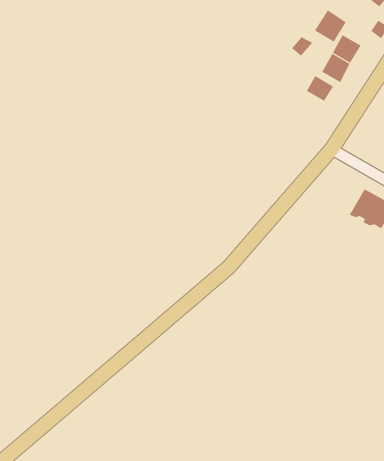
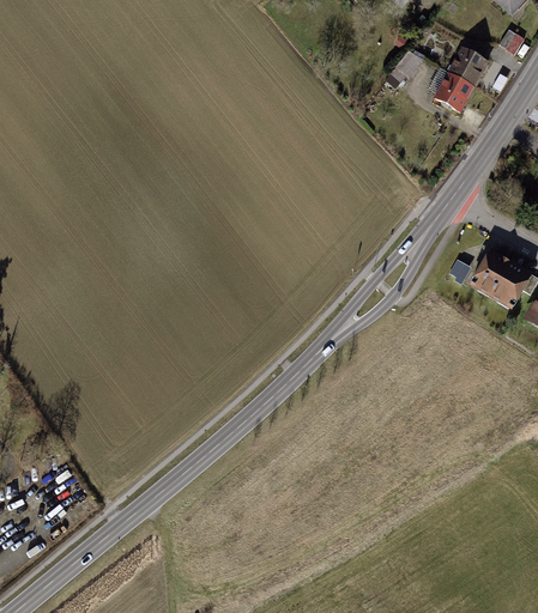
building: [314,9,346,43] -> none
building: [306,75,334,101] -> none

